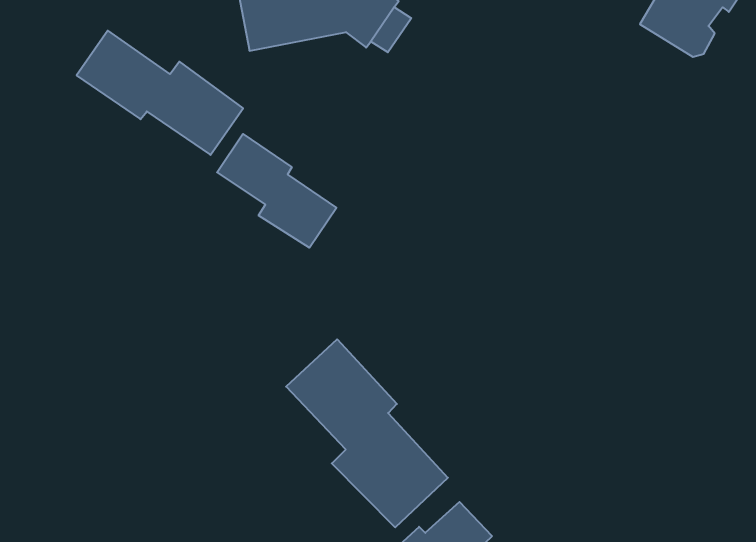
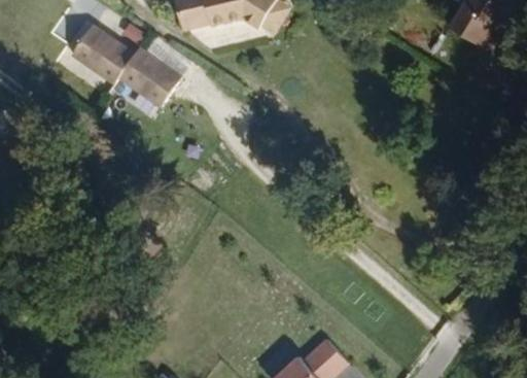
building: [217,134,336,248] -> none
building: [286,339,448,527] -> none

